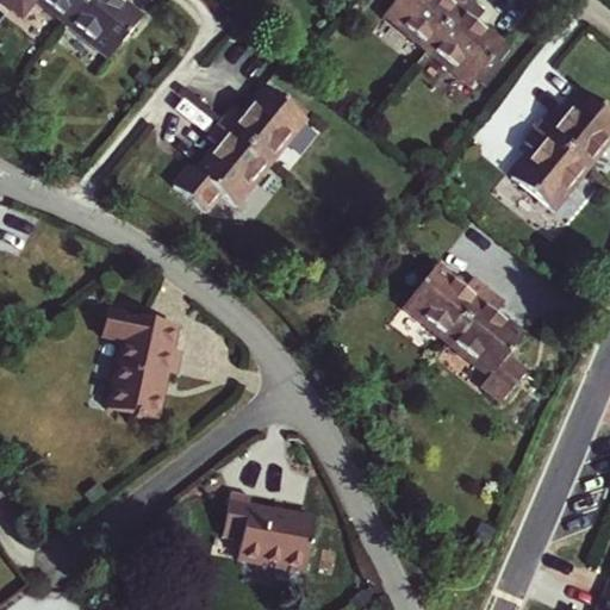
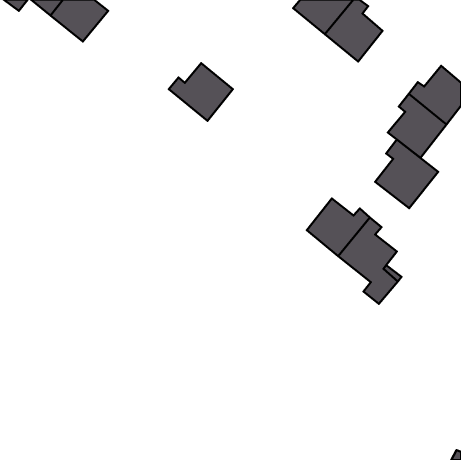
building: [176,118,274,206] -> none
building: none -> [375,140,438,208]
building: [102,318,178,425] -> none
building: [225,500,316,578] -> none

